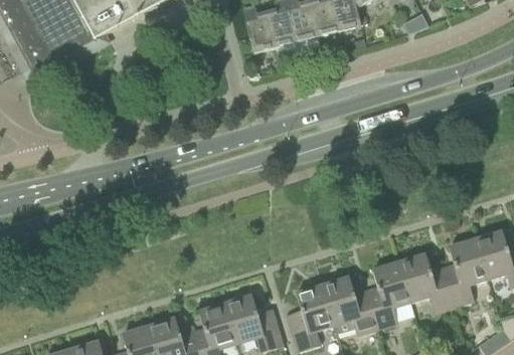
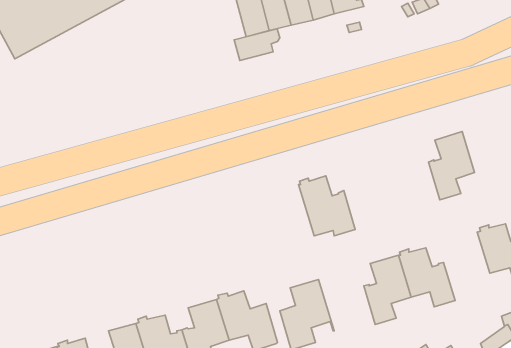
building: none -> [234,29,280,61]
building: [443,239,487,305] -> [428,132,475,200]
building: [323,277,377,334] -> [299,176,355,236]

